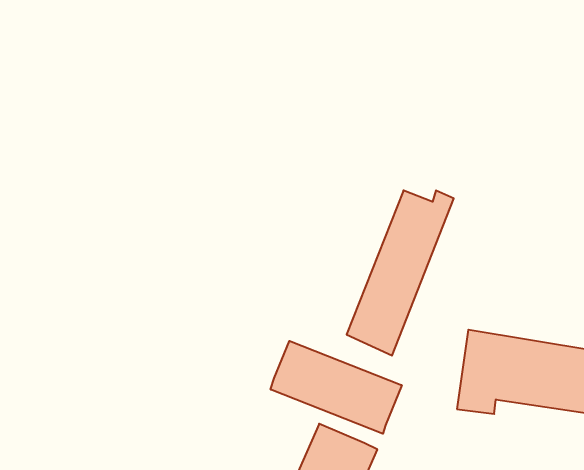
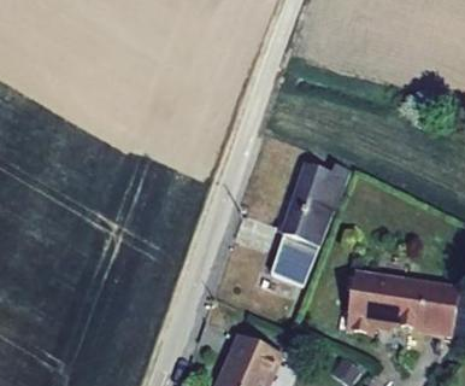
building: [271,341,402,434] -> none

